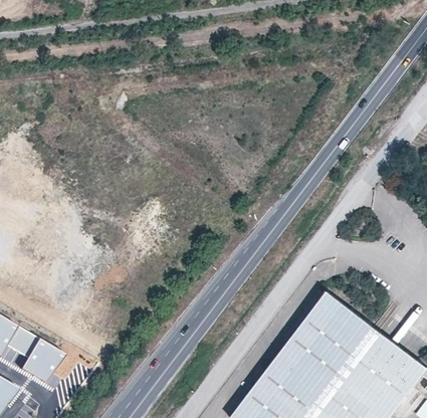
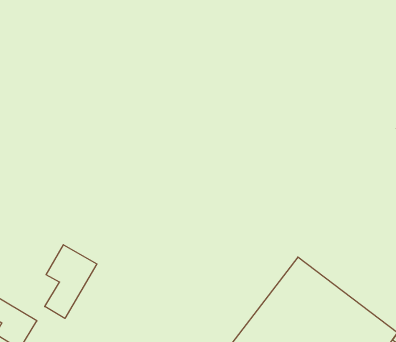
building: none -> [45,245,97,318]

